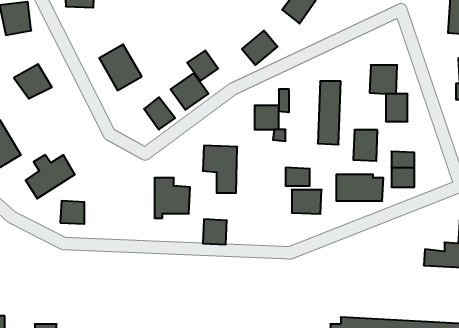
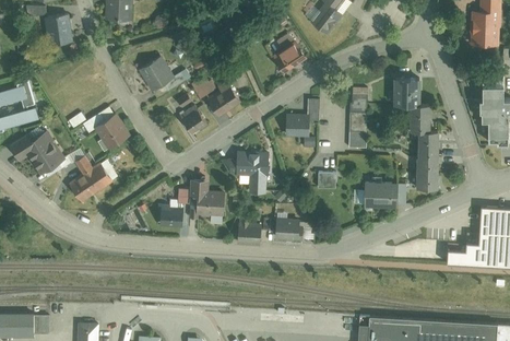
building: [187,50,218,81] -> none
building: [14,64,52,99] -> [93,116,129,149]
building: [353,130,377,161] -> [415,128,438,157]
building: [292,190,322,214] -> [273,219,301,242]
building: [60,201,84,224] -> [158,207,181,228]

